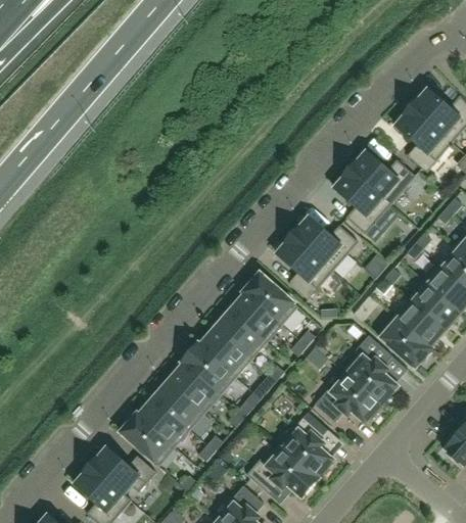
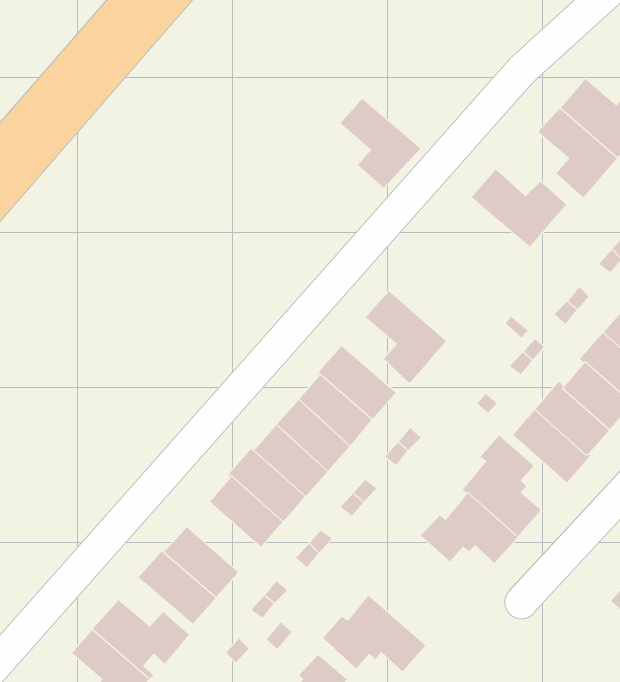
building: [333,171,389,233] -> [339,98,421,189]
building: [292,217,358,270] -> none
building: [153,380,204,429] -> none
building: [278,412,333,479] -> none

